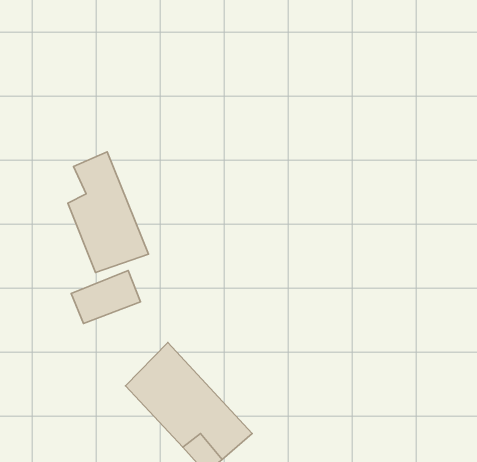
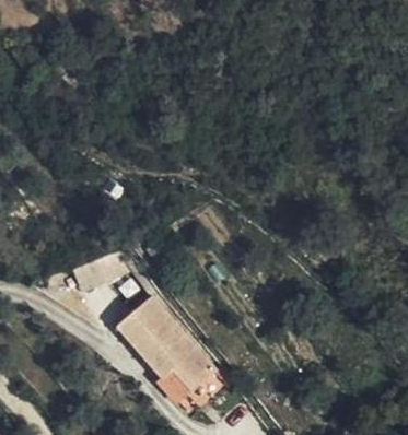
building: [68,152,149,272] -> none

